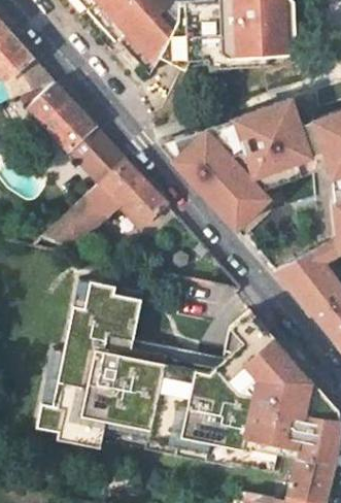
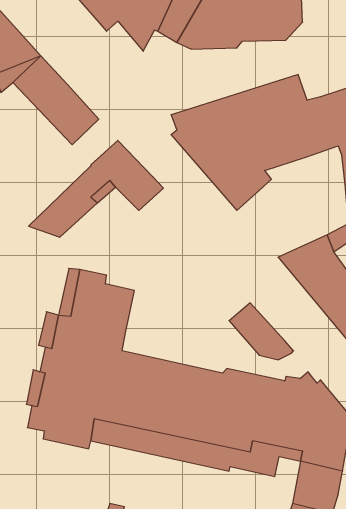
building: [82,139,125,181] -> none
building: [129,335,301,381] -> none

